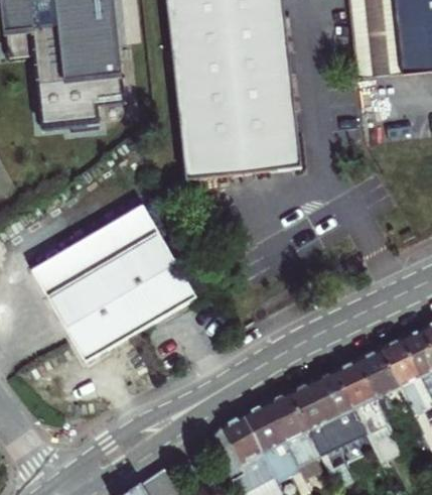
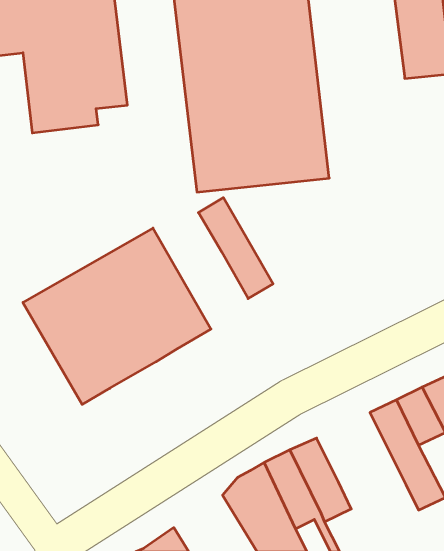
building: none -> [198,198,273,299]
building: [289,368,367,454] -> none

